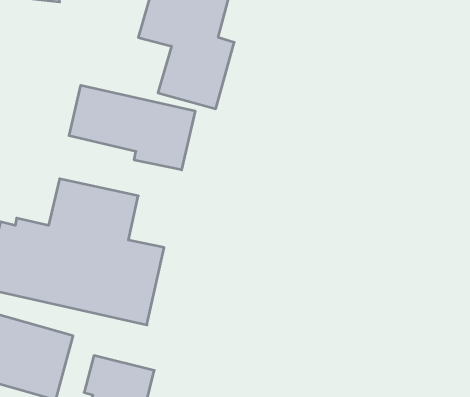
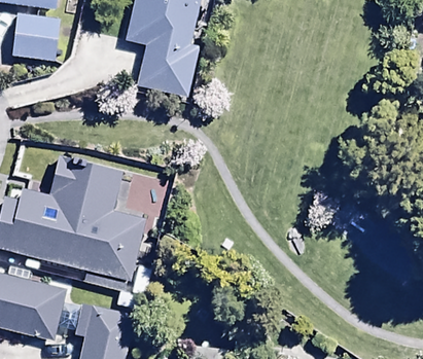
building: none -> [10,12,63,66]
building: [69,85,195,170] -> none

